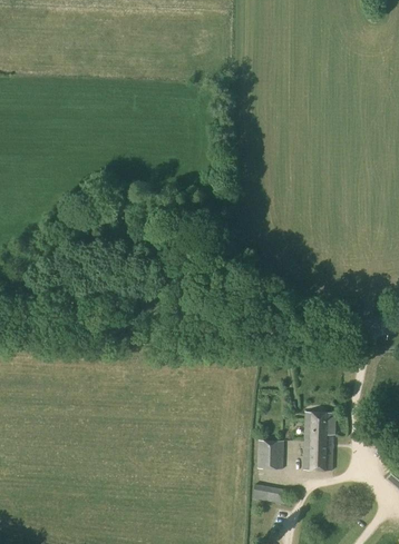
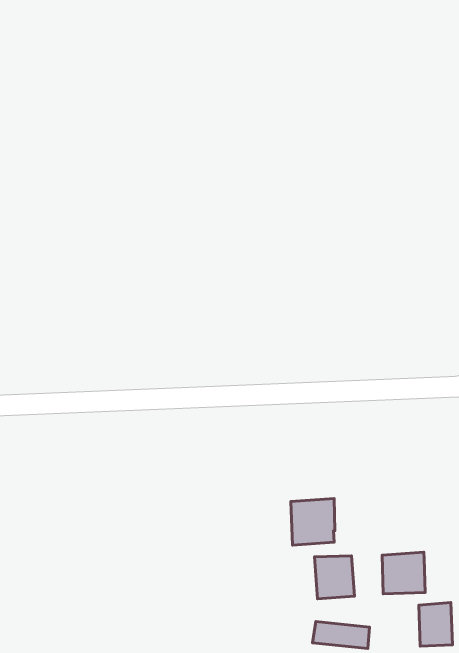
building: [304,412,335,442] -> [291,499,335,545]
building: none -> [419,603,452,646]

